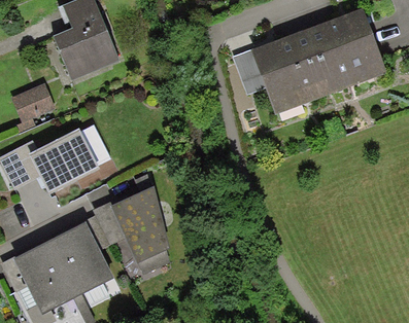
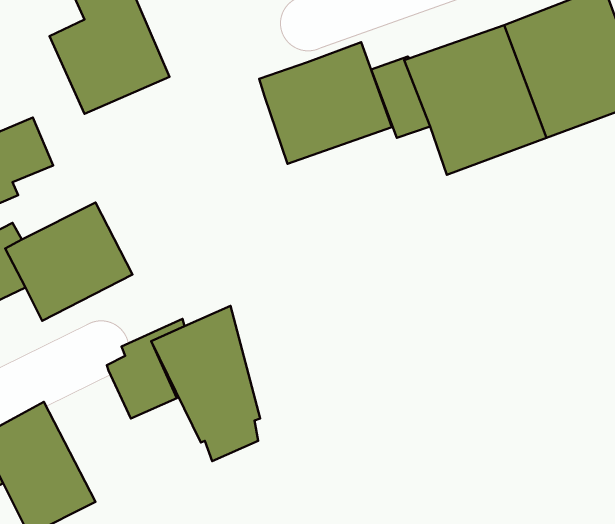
building: none -> [259,42,392,164]
building: [49,222,113,295] -> none

